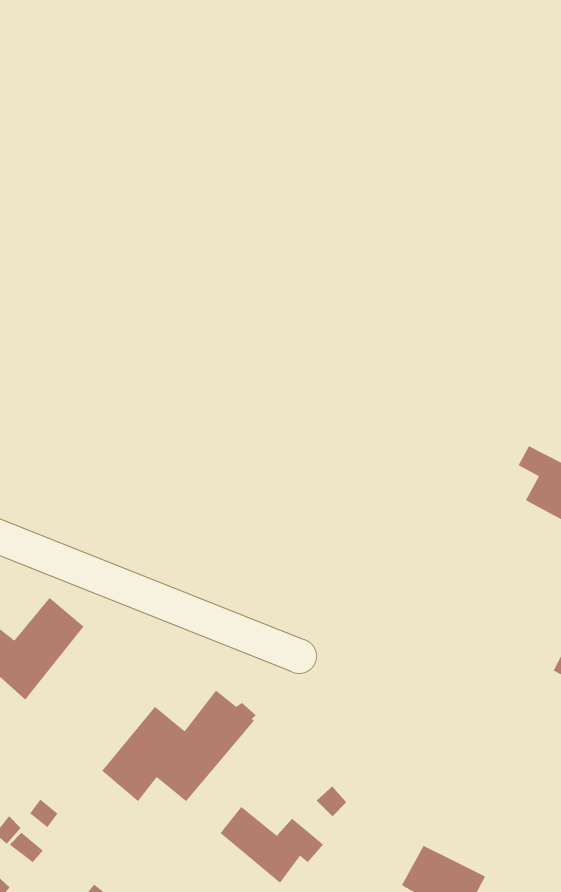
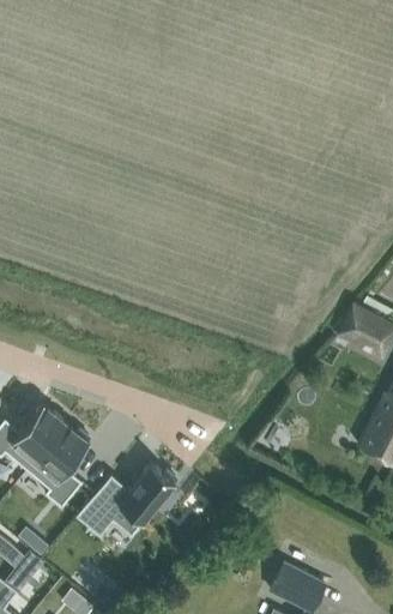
building: none -> [28,423,90,507]
building: [220,806,324,884] -> none

